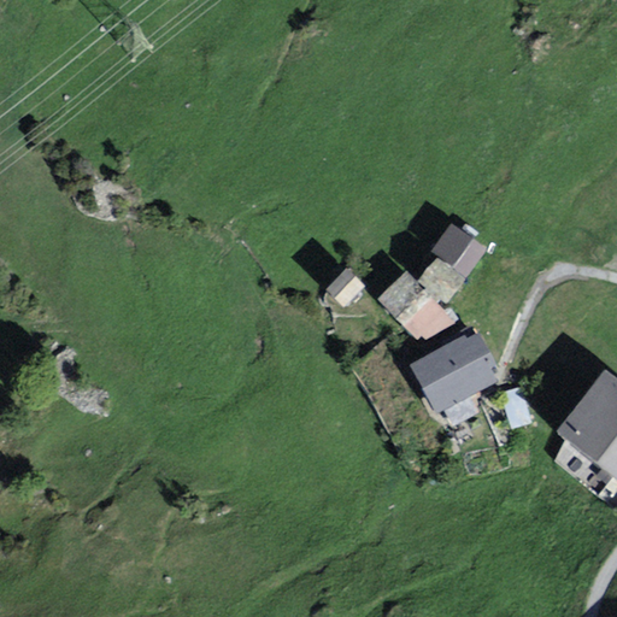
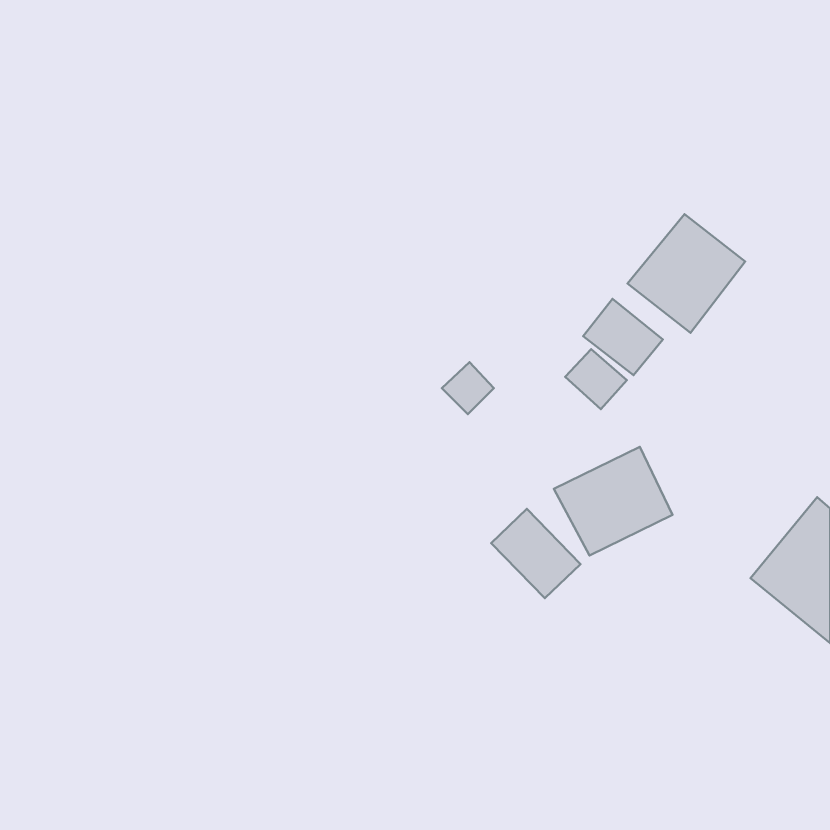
building: none -> [627,214,745,333]
building: [378,272,445,339] -> [491,509,580,598]

